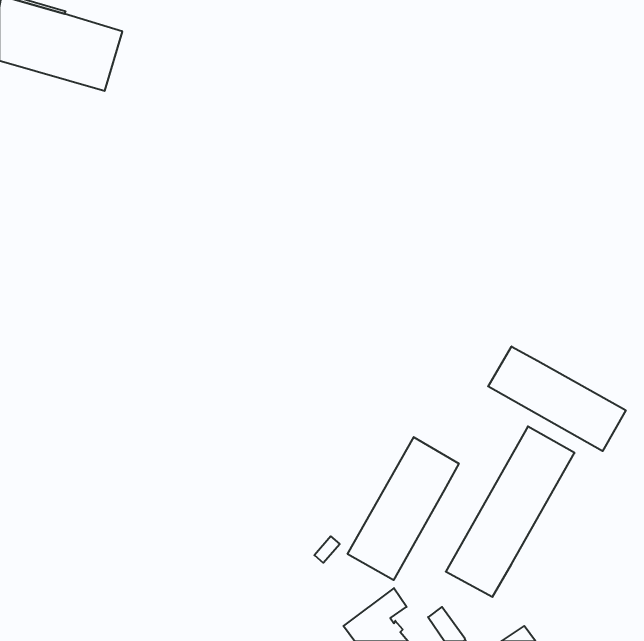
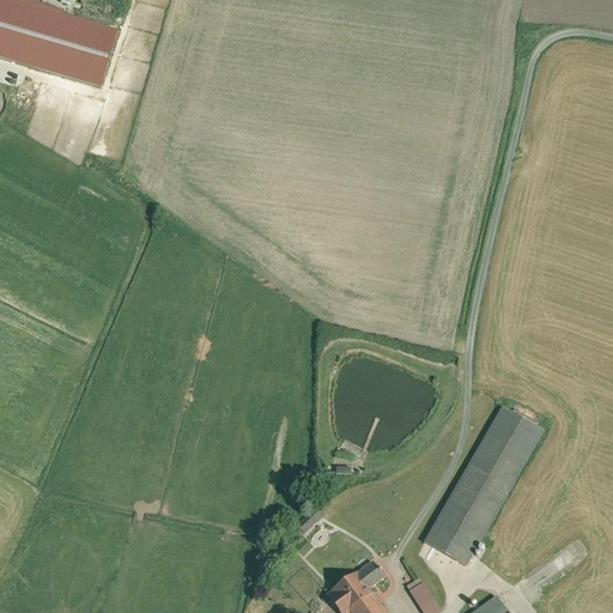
building: [488,346,626,451] -> none
building: [348,437,459,580] -> none

